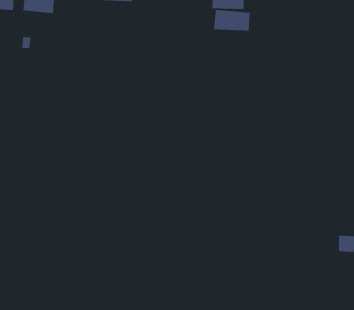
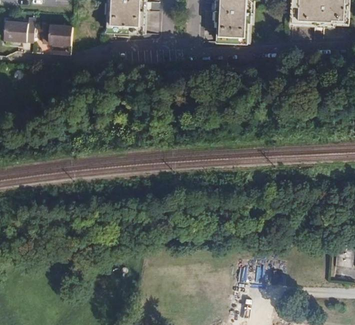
building: [213,9,250,32] -> none

